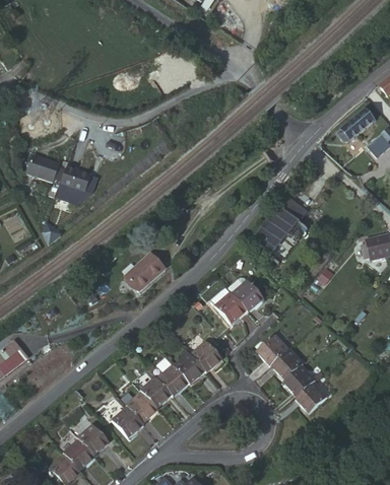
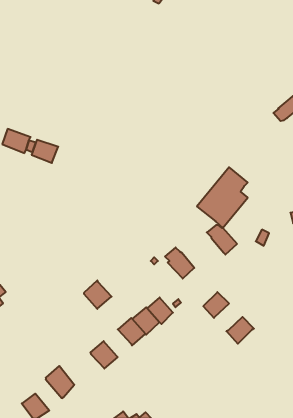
building: [123,247,162,287] -> none
building: [226,279,261,313] -> [207,225,237,255]
building: [269,349,302,382] -> none
building: [142,378,174,411] -> [84,280,112,309]
building: [294,380,326,412] -> none
building: [115,409,143,438] -> none
building: [62,437,95,473] -> none

